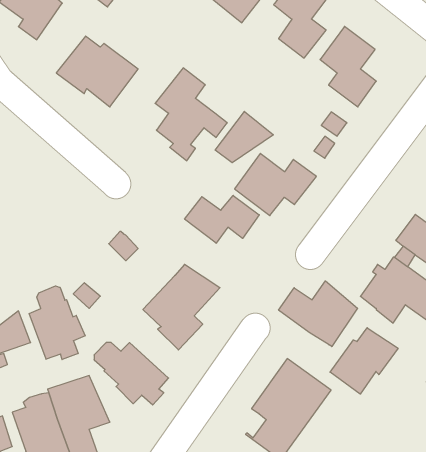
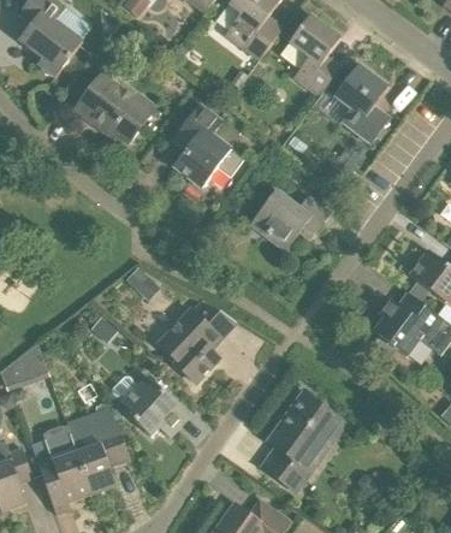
building: [215,111,273,163] -> none
building: [185,195,259,243] -> none
building: [279,281,358,347] -> none
building: [29,286,85,360] -> none
building: [330,328,398,394] -> none

